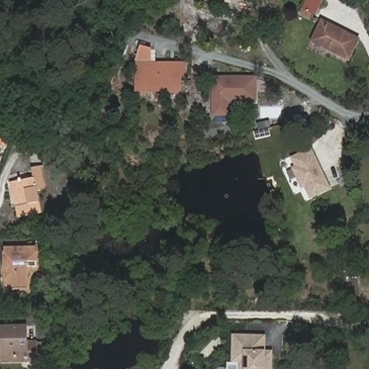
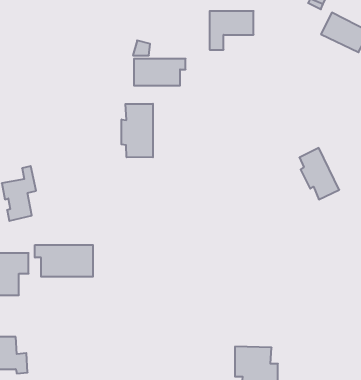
building: [212,77,254,113] -> [210,11,254,50]
building: none -> [121,104,153,157]
building: none -> [35,245,93,277]

